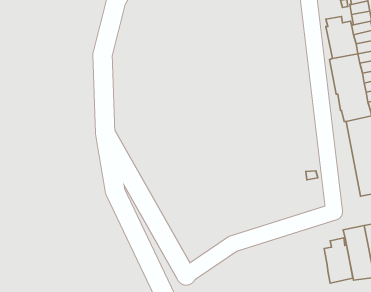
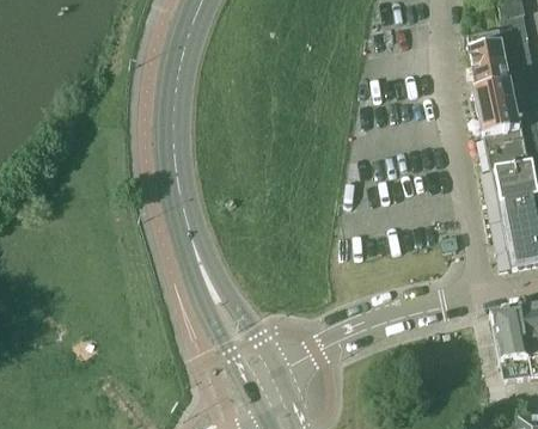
building: [324,238,353,283] -> none

